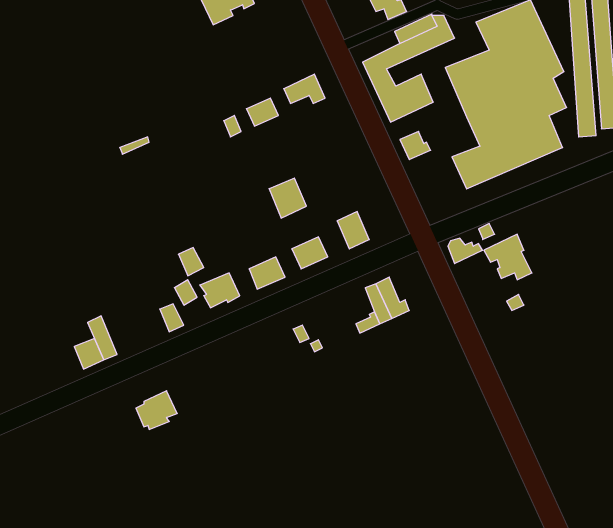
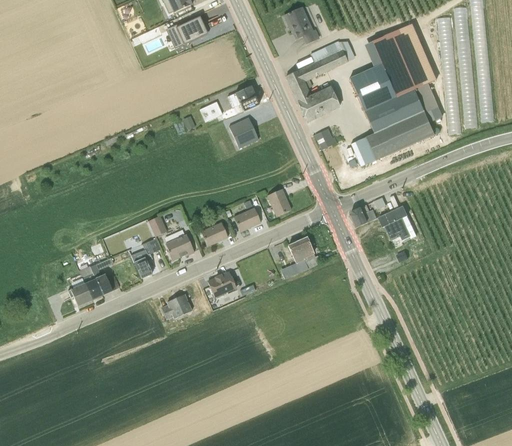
building: [269,178,306,218] -> [230,116,258,146]
building: none -> [90,256,118,294]
building: none -> [207,271,236,297]
building: [136,391,177,429] -> [161,293,192,322]

